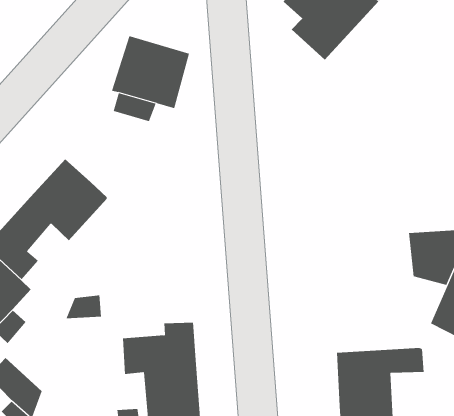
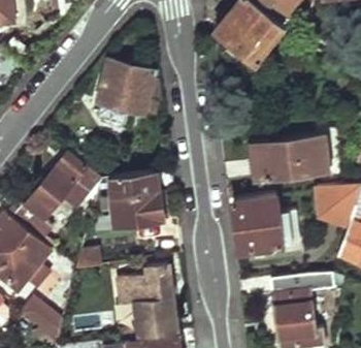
building: none -> [250,137,326,183]
building: none -> [92,170,163,224]
building: none -> [232,196,283,251]

